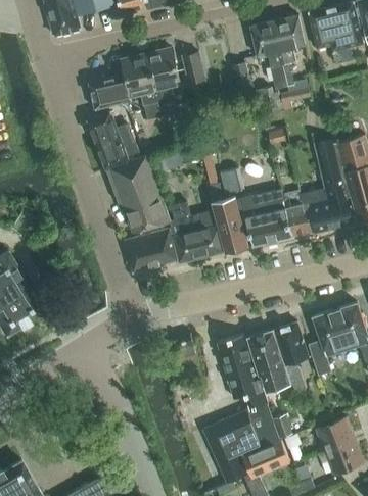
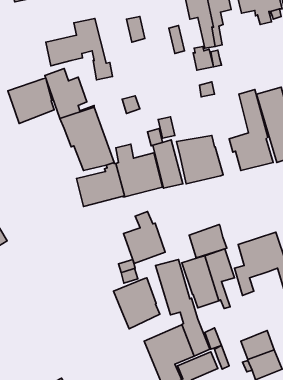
building: [146,48,180,106] -> none
building: none -> [8,78,54,123]
building: [286,194,316,236] -> none
building: none -> [124,211,165,263]
building: none -> [189,225,227,258]
building: none -> [113,278,160,329]

